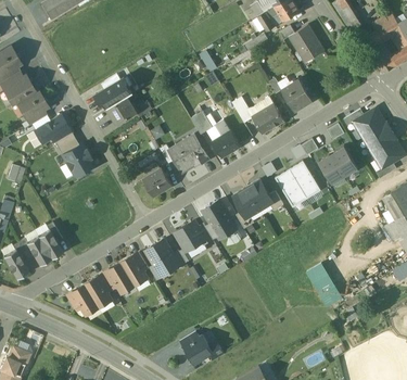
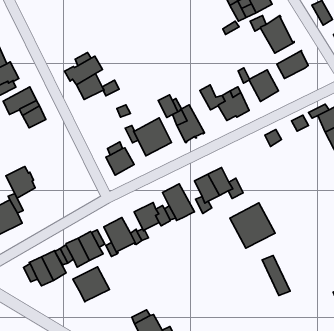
building: none -> [277,50,308,78]
building: [63,144,93,177] -> [6,166,35,198]
building: [318,145,357,183] -> none
building: [274,160,320,206] -> [230,203,275,248]
building: none -> [73,267,109,302]

